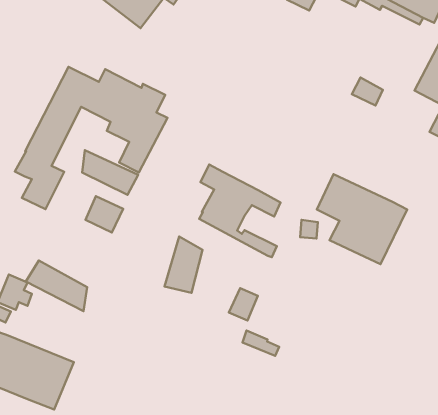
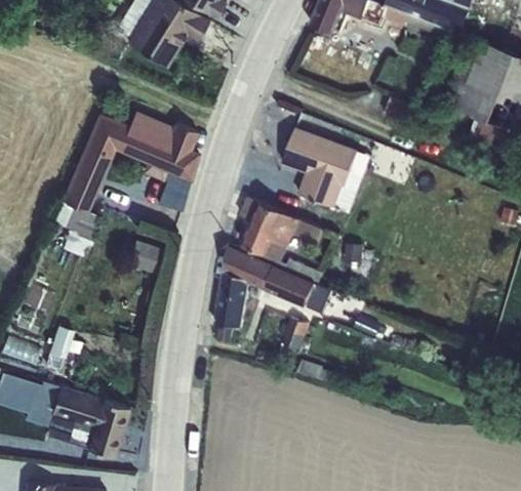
building: [82,150,138,195] -> none
building: [317,174,407,264] -> [282,127,372,213]
building: none -> [224,246,329,313]
building: [26,260,87,311] -> none

